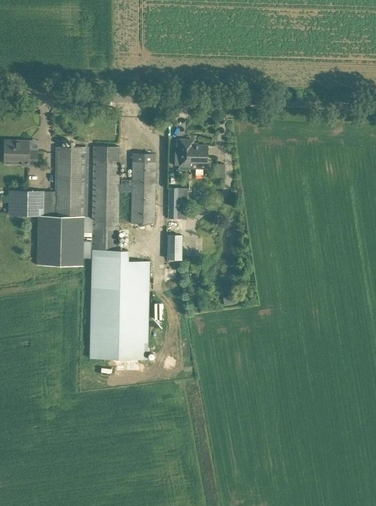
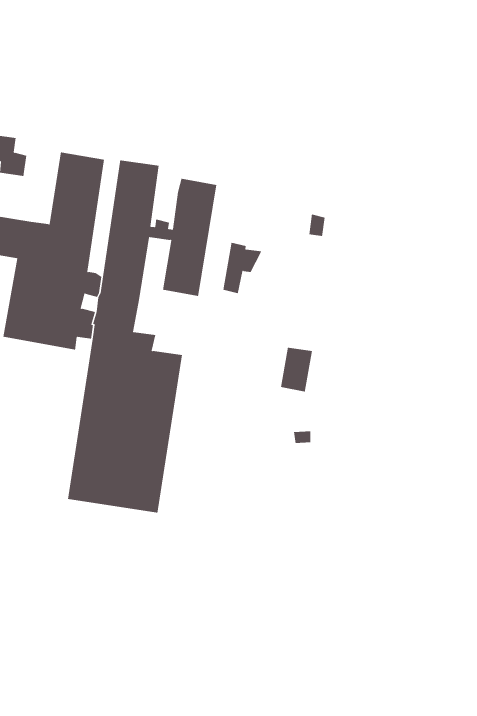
building: [173,139,207,168] -> none
building: [165,234,182,260] -> [280,347,313,392]

